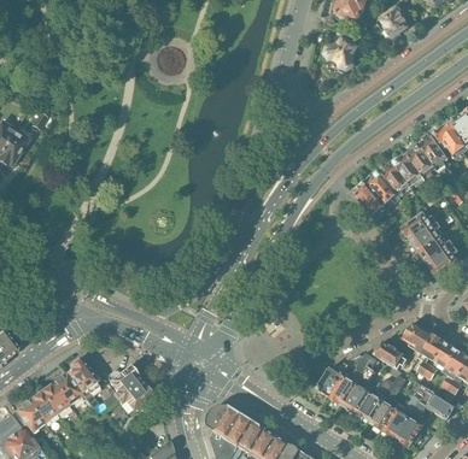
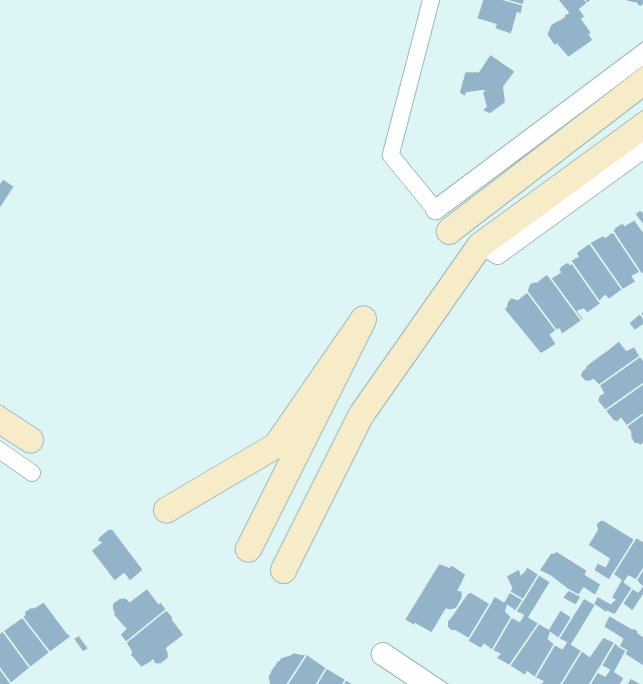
building: none -> [404,563,466,633]
building: [66,360,99,393] -> [91,529,144,582]

